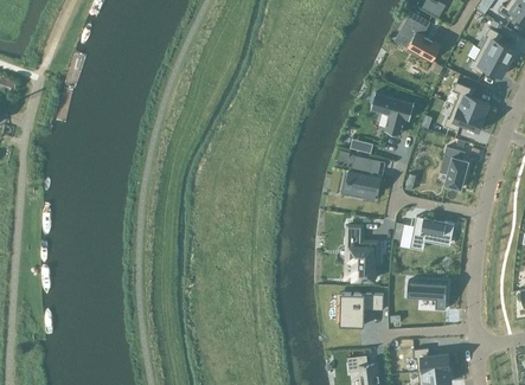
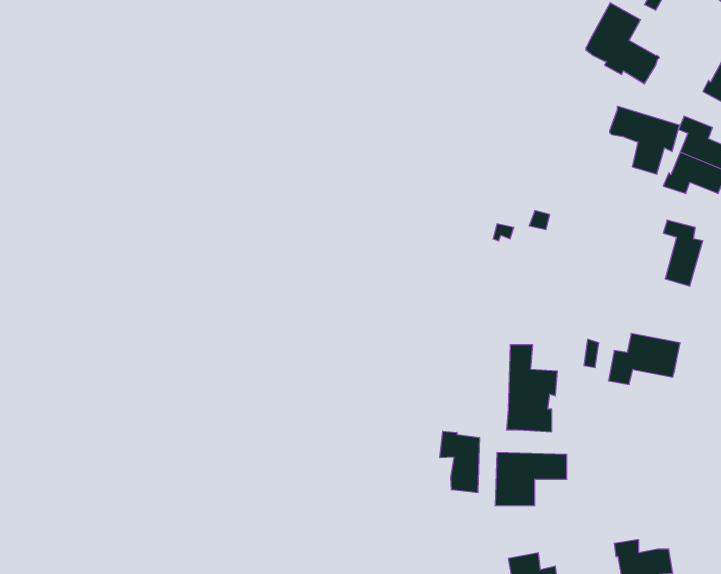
building: [371,92,415,135] -> [610,106,680,174]
building: [348,155,382,200] -> none
building: none -> [440,431,479,493]
building: [408,281,448,310] -> none

